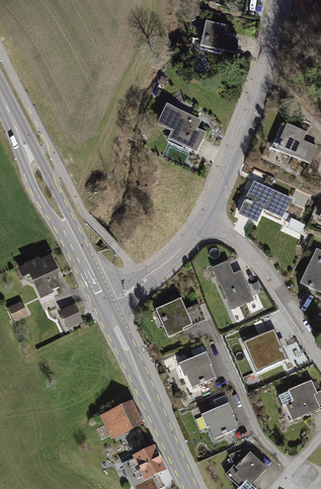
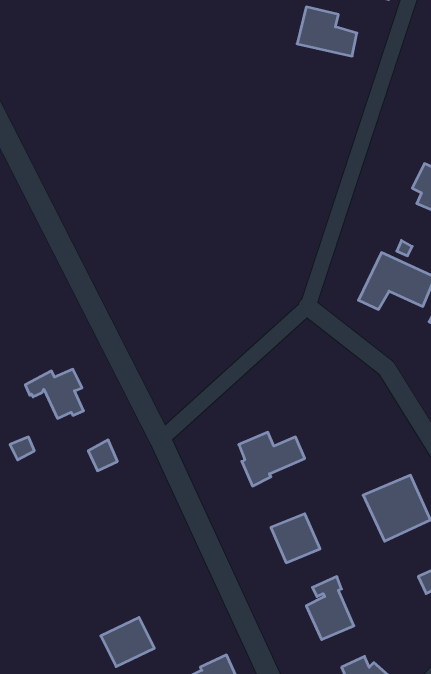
building: [156,101,207,151] -> none
building: [213,260,252,309] -> none
building: [102,403,138,435] -> [101,617,154,667]

